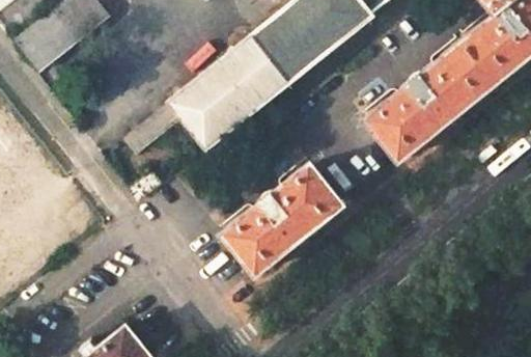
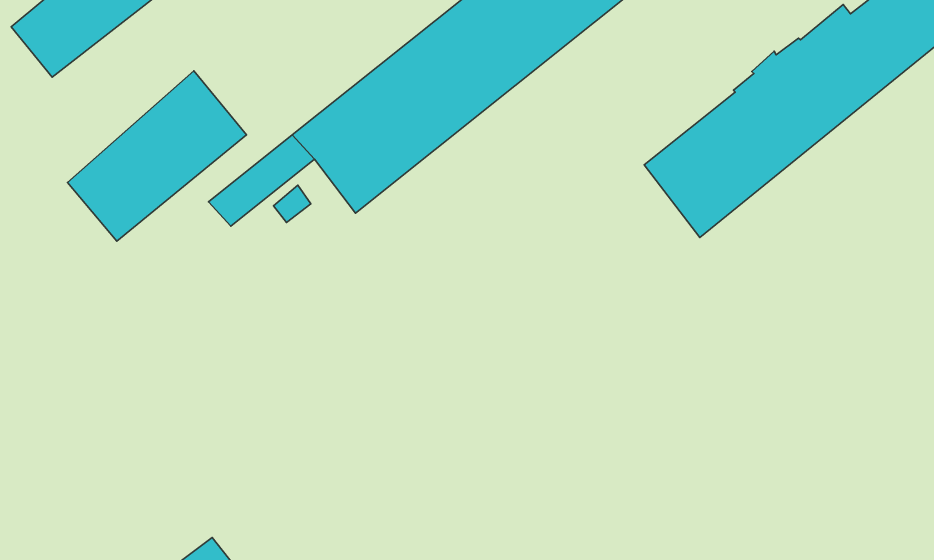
building: none -> [68,71,247,241]
building: [224,165,342,273] -> none

